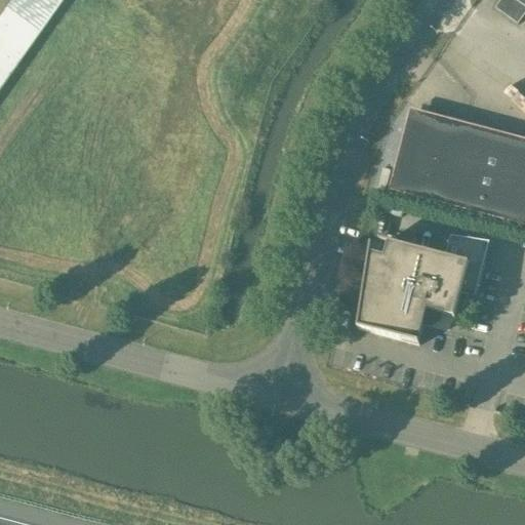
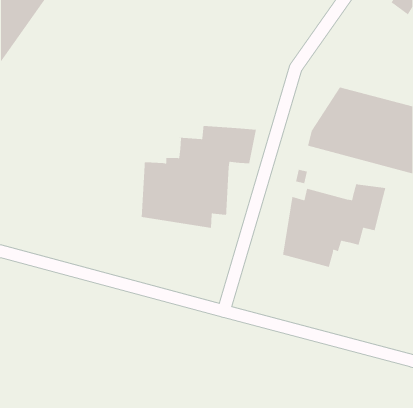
building: none -> [141,125,257,229]

